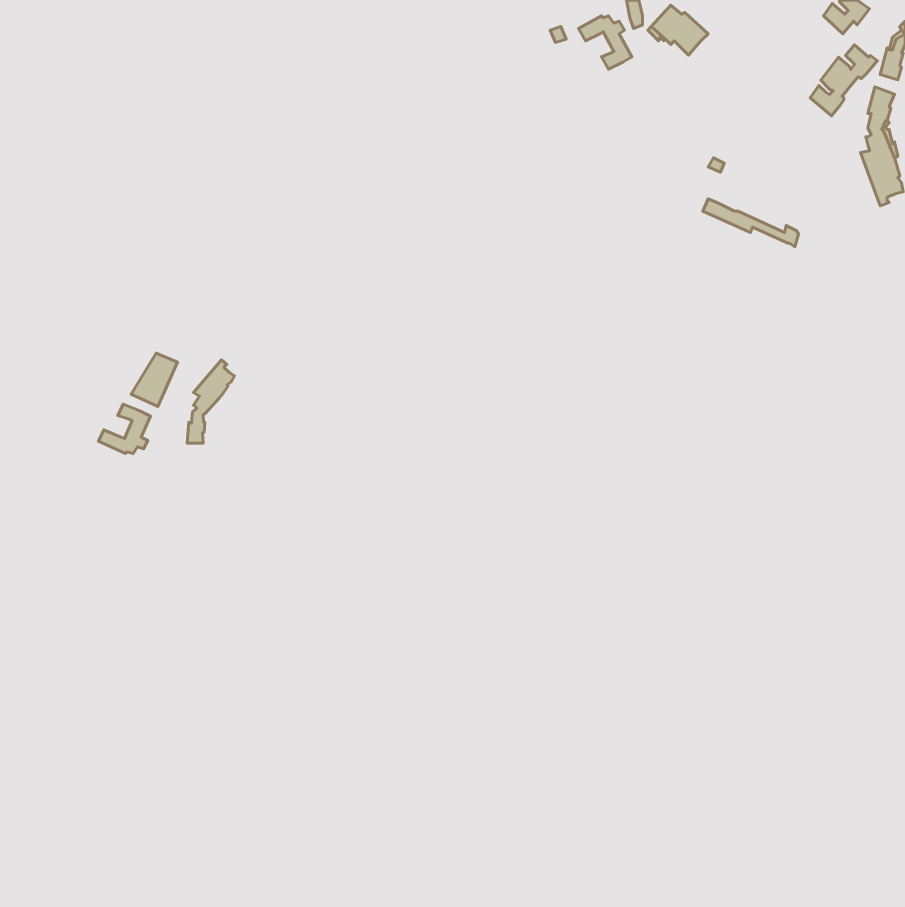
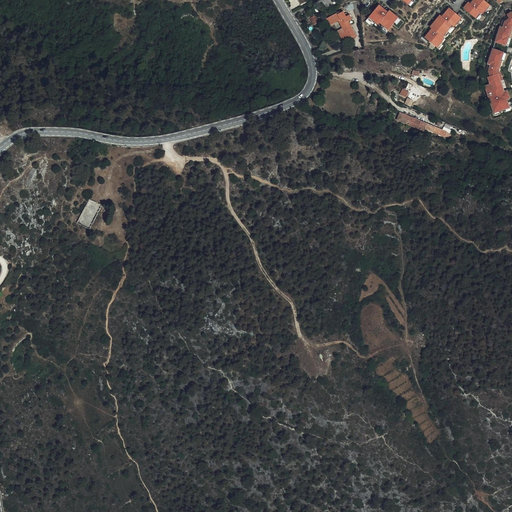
building: [810,45,878,116] -> [425,8,463,48]
building: [187,360,235,443] -> none
building: [98,404,150,453] -> none

